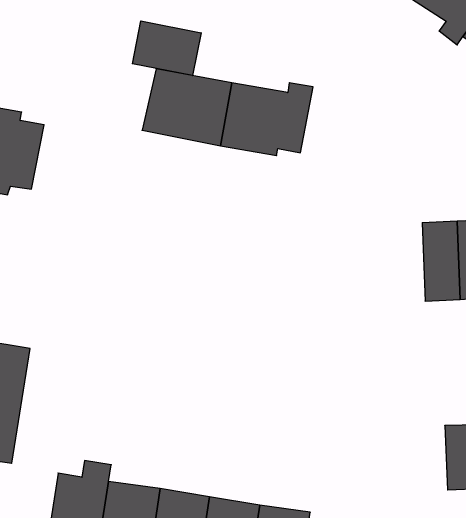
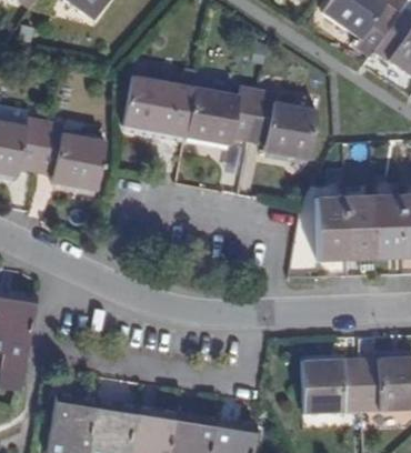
building: [132,21,201,76] -> none
building: none -> [248,91,317,159]
building: none -> [34,121,102,190]
building: none -> [318,199,347,262]
building: none -> [305,360,364,413]

